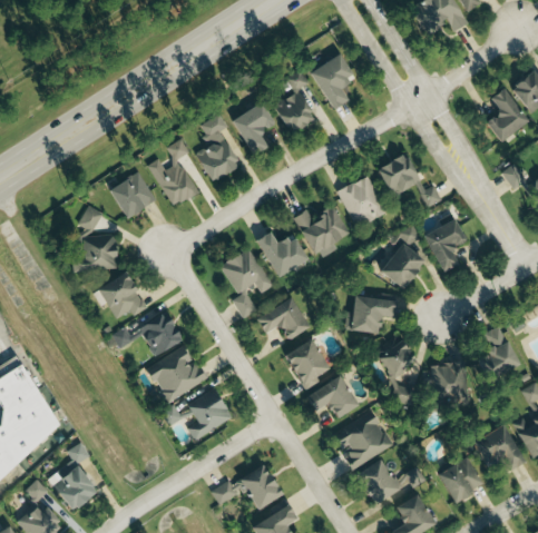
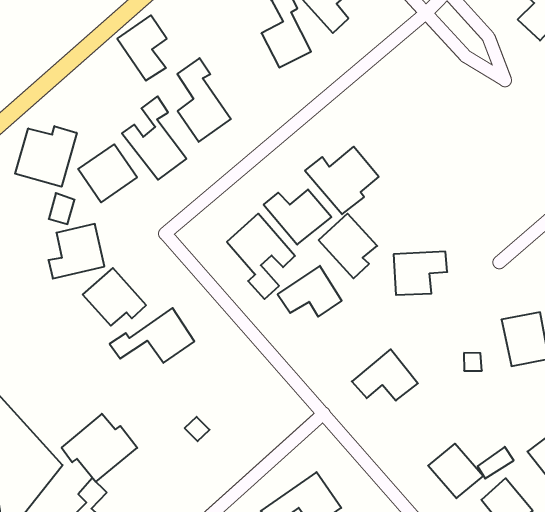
building: [233,103,273,156] -> [117,15,167,81]
building: none -> [15,126,77,187]
building: [376,154,442,211] -> none
building: [340,176,388,227] -> none
building: [423,219,466,273] -> none
building: [382,244,424,289] -> none
building: [283,337,330,391] -> [319,214,377,278]
building: [378,340,415,378] -> none
building: [146,346,207,401] -> [62,414,137,482]
building: [188,388,232,440] -> none
building: [334,412,393,468] -> none

